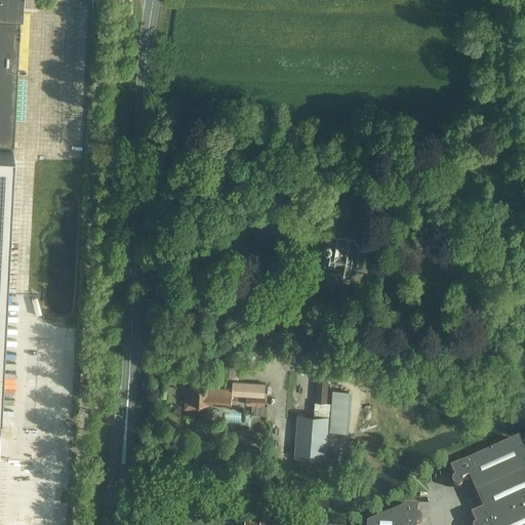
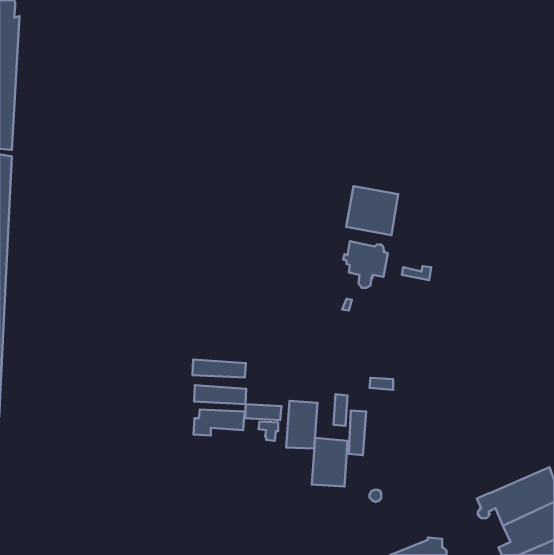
building: none -> [346,186,398,235]
building: none -> [192,359,246,378]
building: none -> [194,385,246,404]
building: none -> [286,401,317,448]

